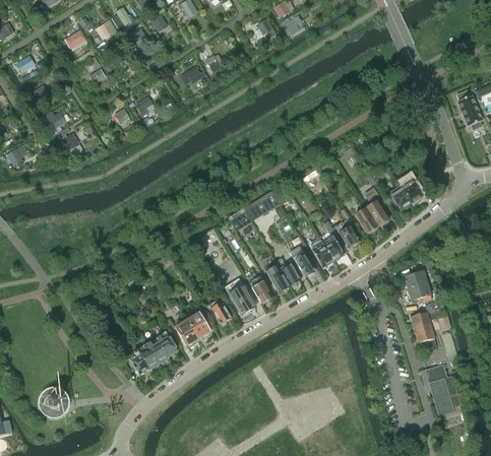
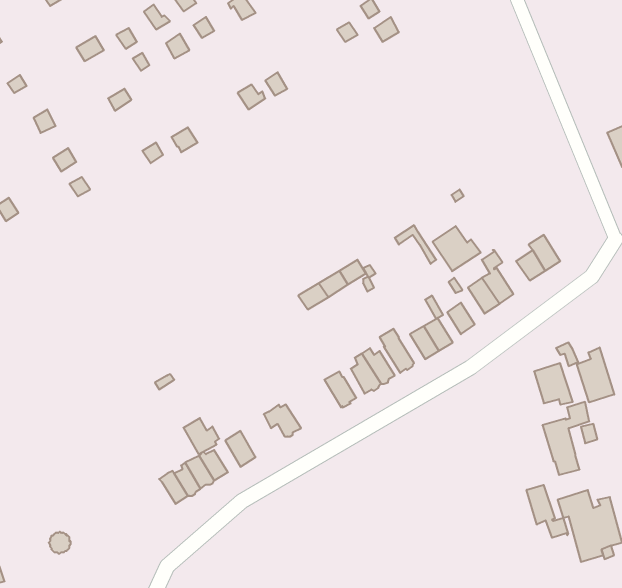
building: none -> [433,226,481,271]
building: none -> [577,347,614,402]
building: [224,278,254,314] -> none
building: [186,313,212,339] -> [183,418,219,454]
building: none -> [527,485,568,538]

